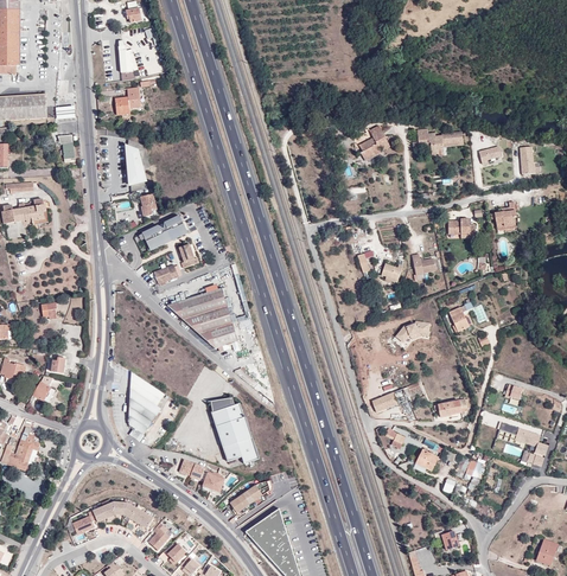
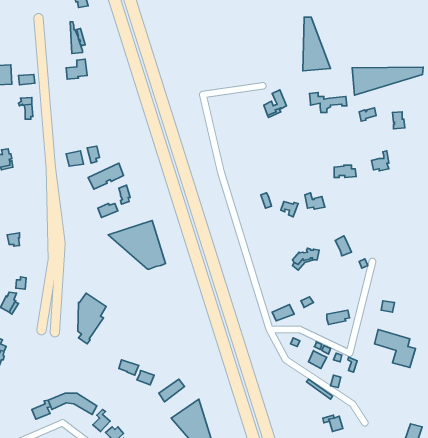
building: none -> [303,17,331,71]
building: none -> [352,67,423,95]
building: [127,139,148,191] -> none
building: [206,393,257,459] -> none

